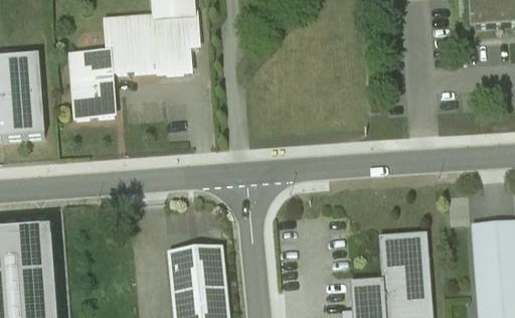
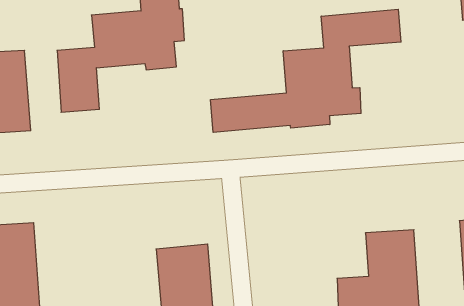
building: none -> [211,9,401,132]

